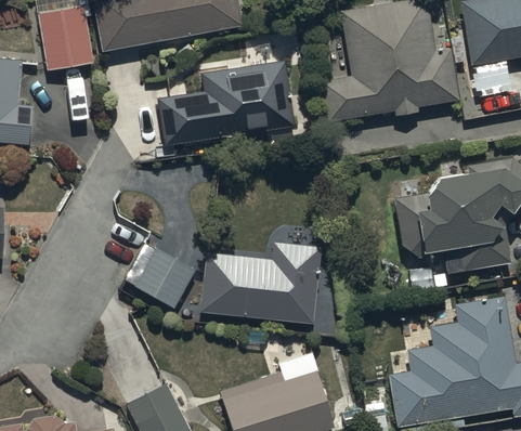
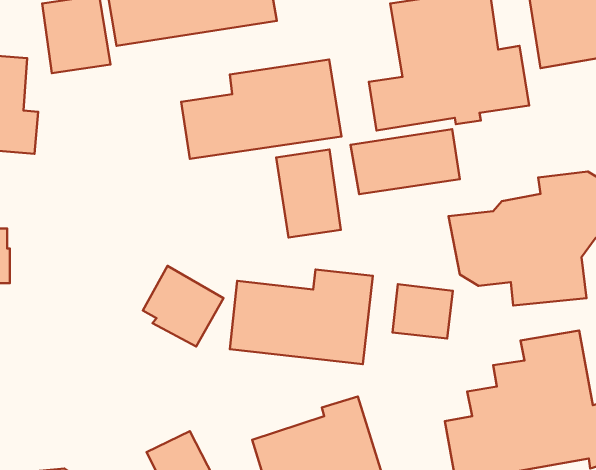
building: none -> [351,129,460,194]
building: none -> [276,149,341,237]
building: none -> [392,284,453,338]

